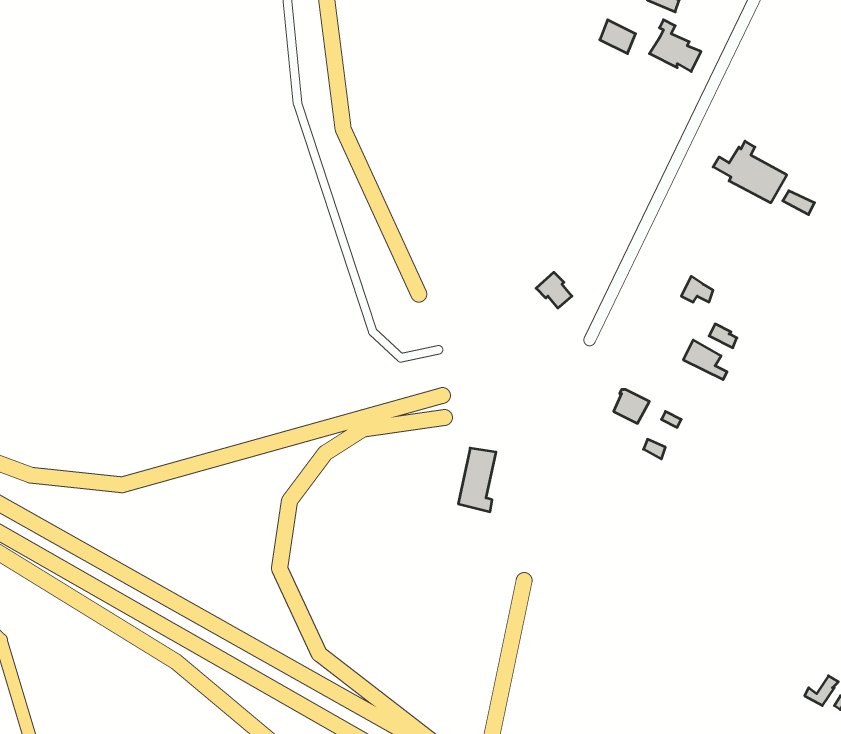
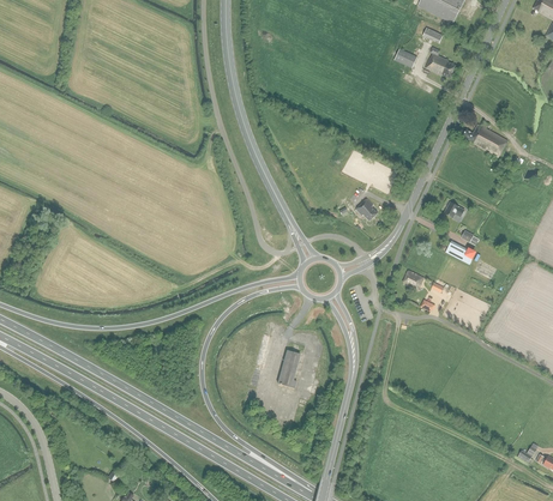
building: [458,448,496,512] -> [274,349,296,387]

